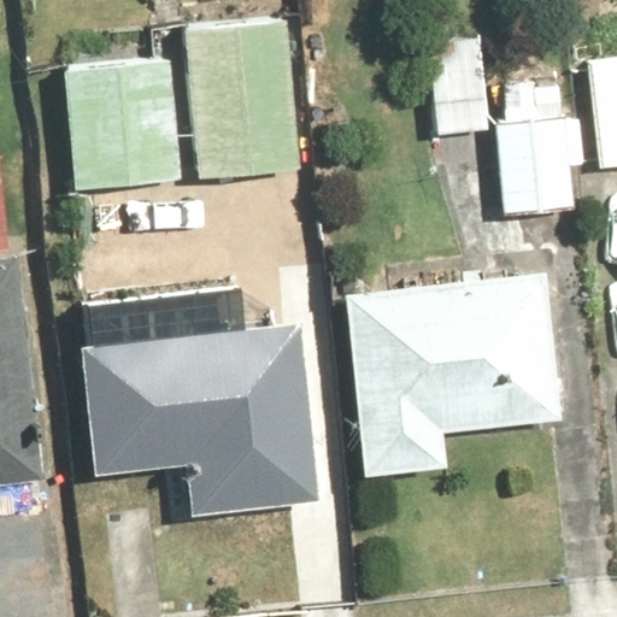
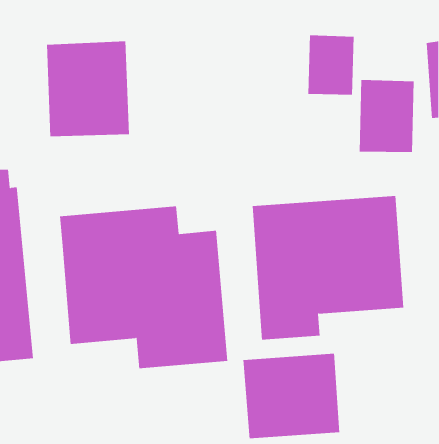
building: [181,11,299,177] -> none
building: none -> [243,353,340,439]

